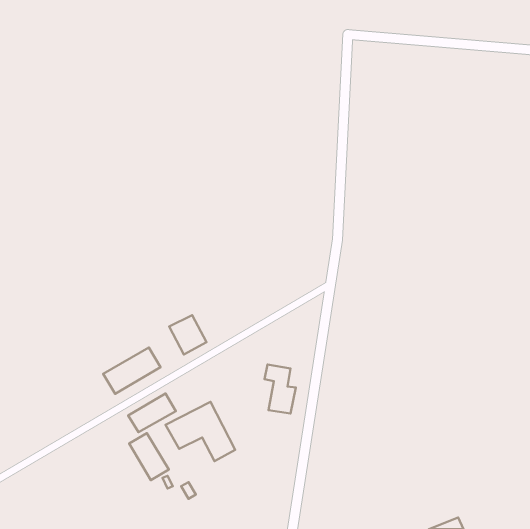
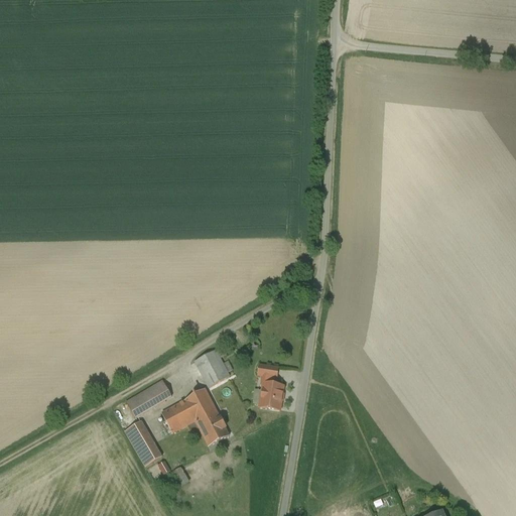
building: [169,315,207,355] -> [192,349,229,387]
building: [103,347,161,394] -> none

